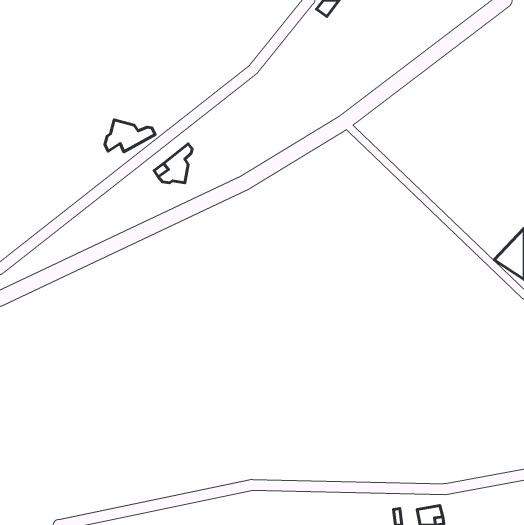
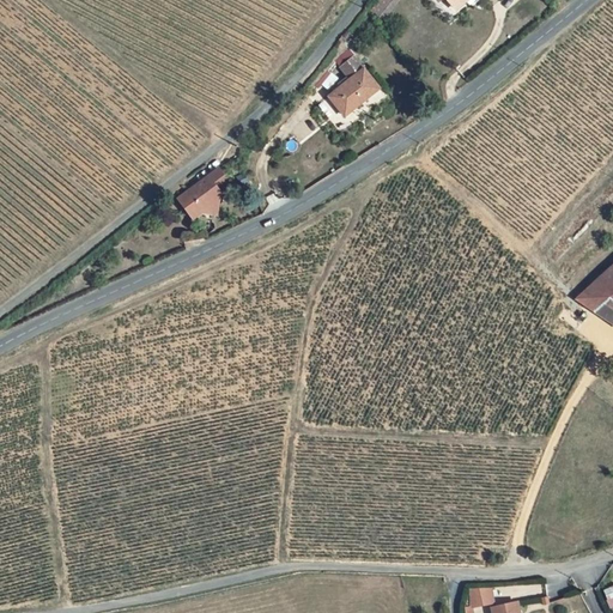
building: none -> [328,57,377,115]
building: [105,120,155,152] -> none

